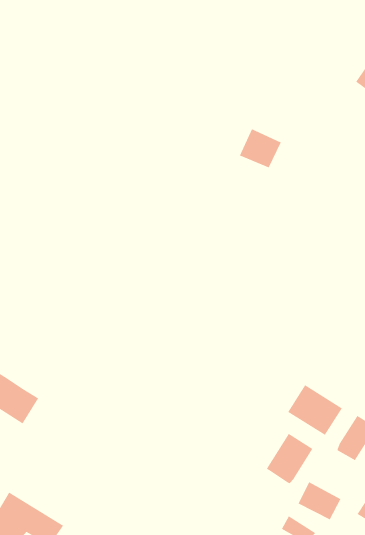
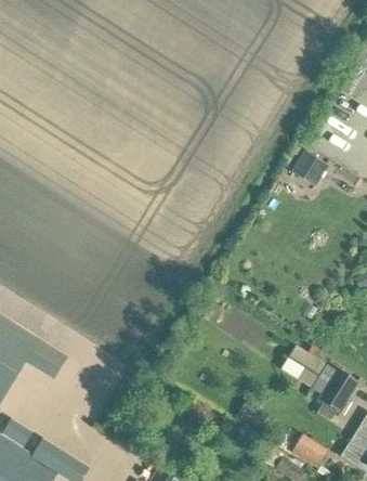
building: [239,128,282,168] -> [288,147,325,182]
building: [266,433,314,484] -> none

